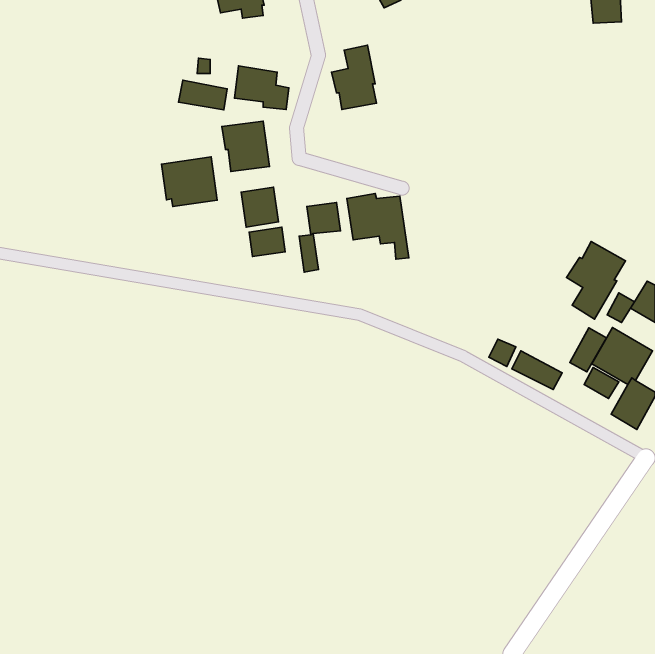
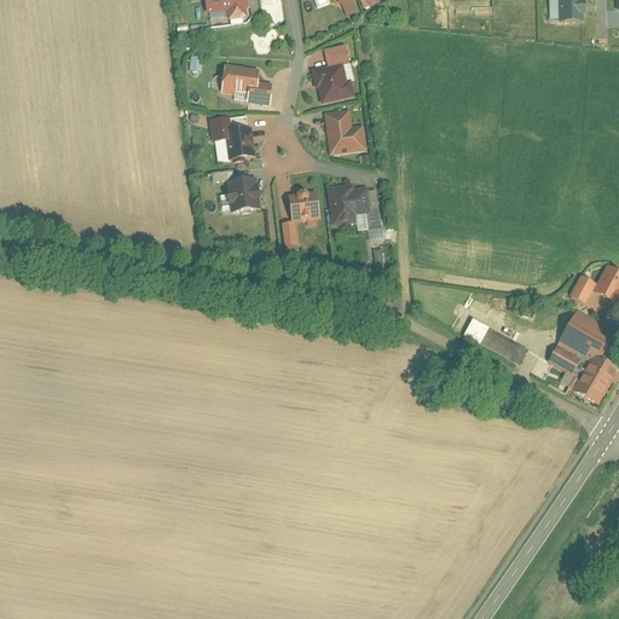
building: [179,80,227,110] -> none
building: none -> [324,109,365,155]
building: [162,157,217,207] -> none
building: [249,227,285,257] -> none
building: [567,241,625,319] -> none
building: [570,328,607,372] -> none

